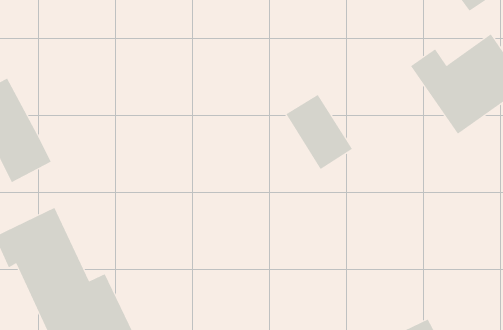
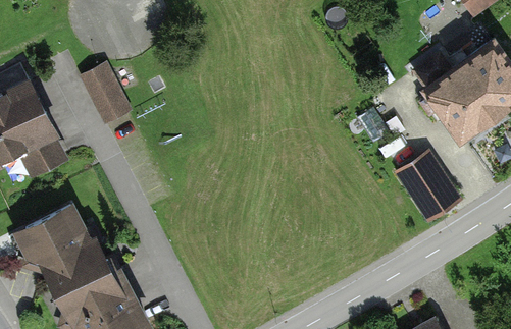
building: none -> [88,66,134,123]
building: [286,94,353,170] -> [397,151,462,224]

